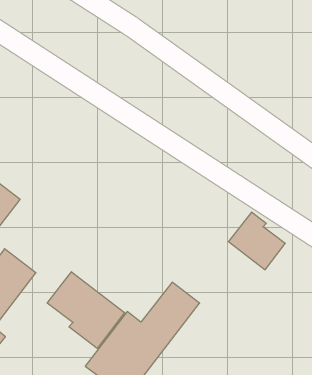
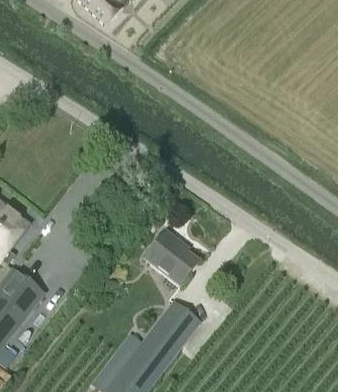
building: [228,212,285,270] -> [145,230,199,285]
building: [47,272,125,348] -> none

